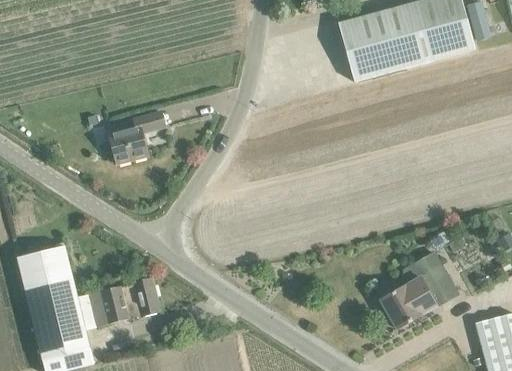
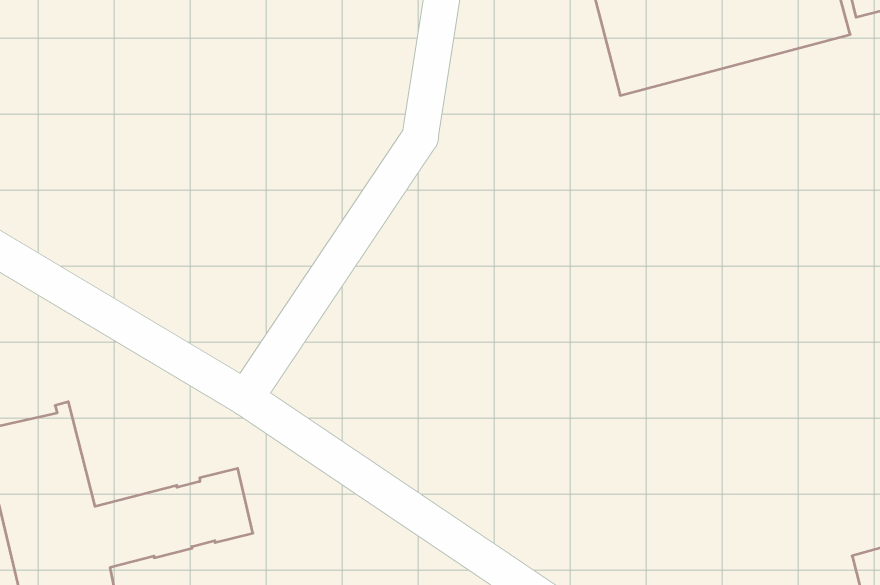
building: [108,112,164,163] -> none
building: [380,252,458,329] -> none

